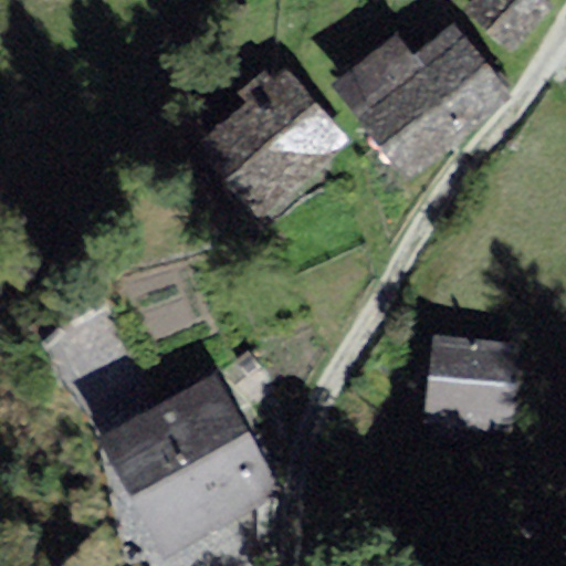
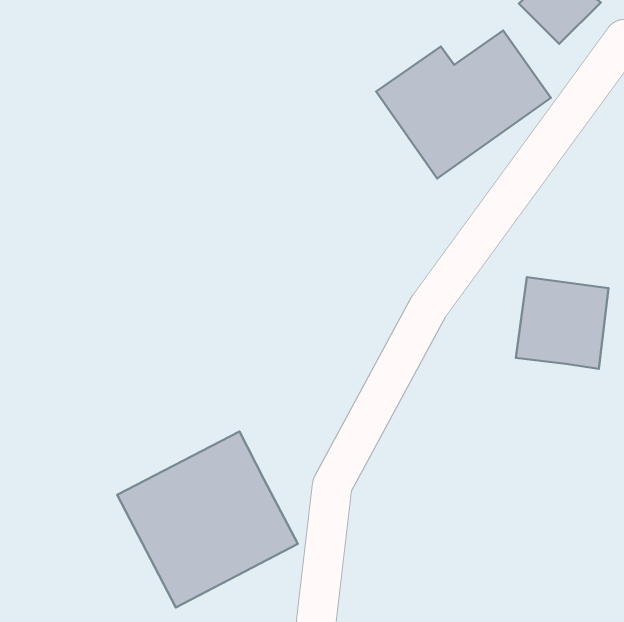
building: [209,70,337,209] -> none
building: [431,343,515,426] -> [516,277,609,369]

